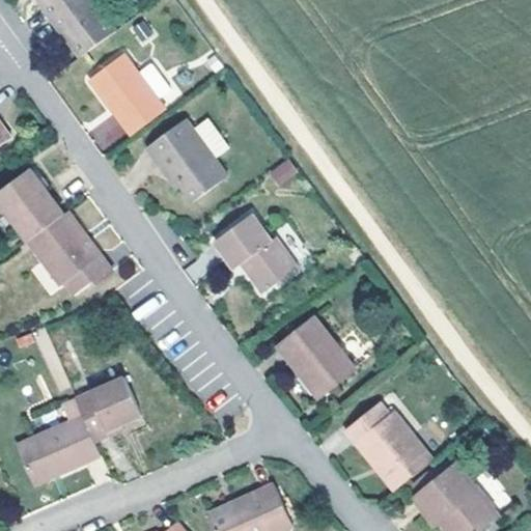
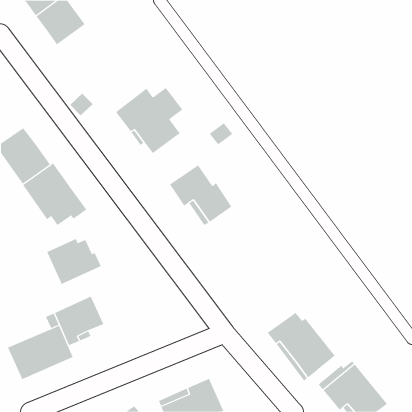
building: [89,53,166,135] -> none
building: none -> [46,238,102,285]
building: [278,313,357,397] -> none

